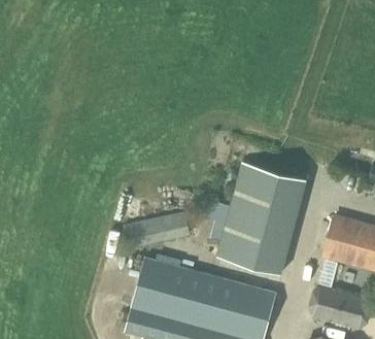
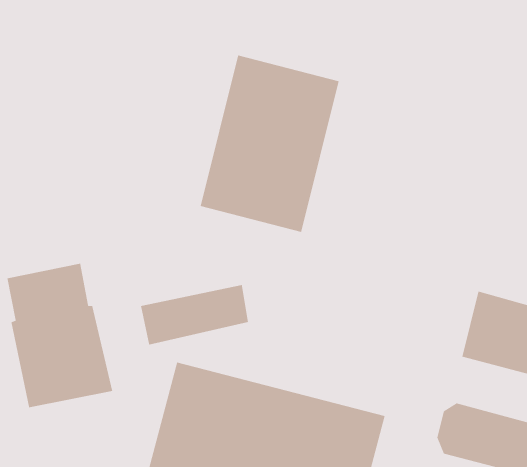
building: [215,169,303,280] -> [200,55,340,232]
building: none -> [7,263,113,408]

